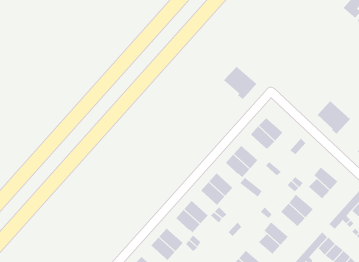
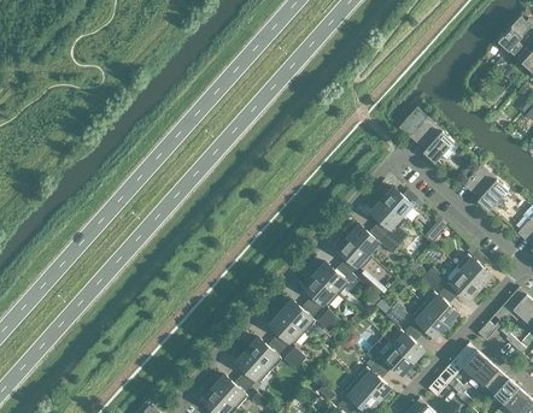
building: [223,66,257,100] -> [408,118,453,164]

